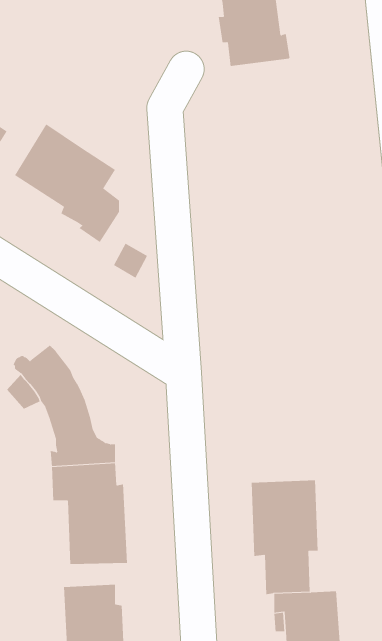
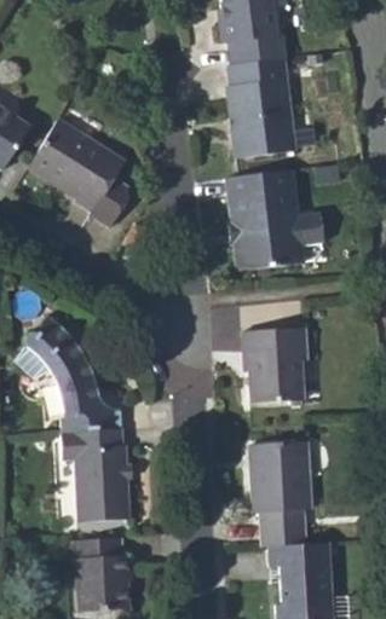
building: none -> [227,58,293,160]
building: none -> [226,169,324,272]
building: none -> [238,324,303,401]

